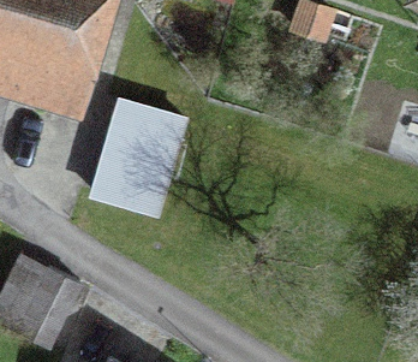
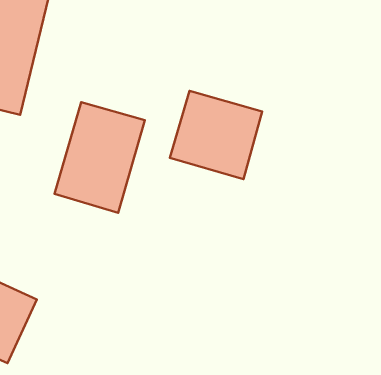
building: none -> [170,91,262,179]

